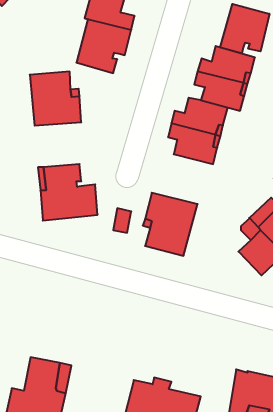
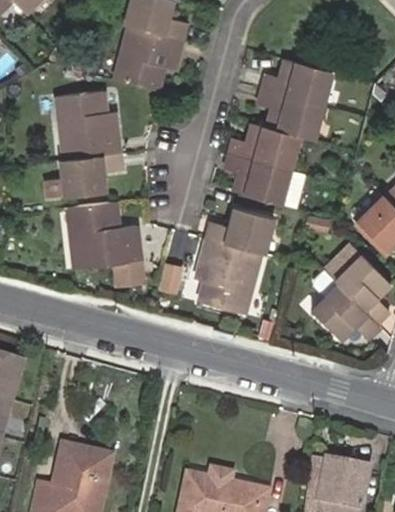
building: [220,4,269,53] -> none
building: none -> [61,153,122,194]
building: none -> [207,210,274,254]

